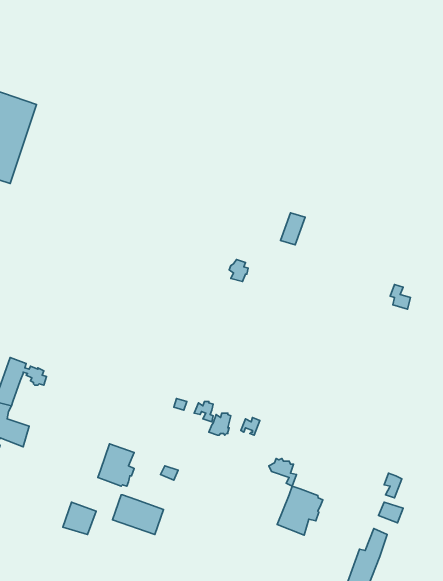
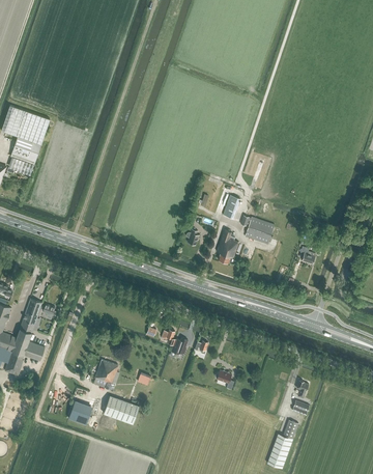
building: none -> [239,215,274,244]
building: none -> [217,229,238,262]
building: [277,486,323,535] -> none

